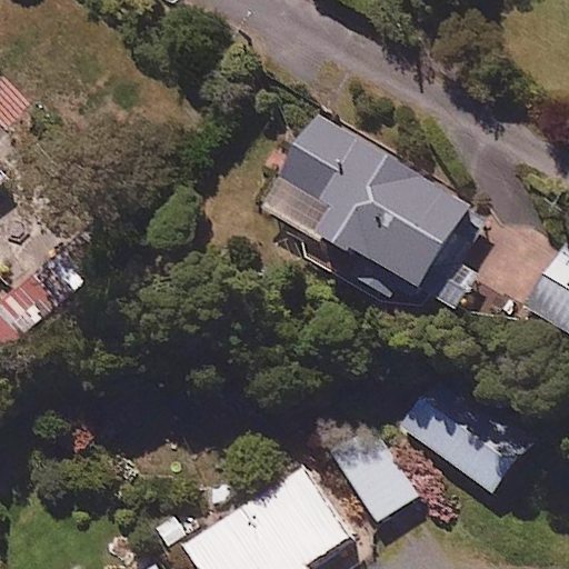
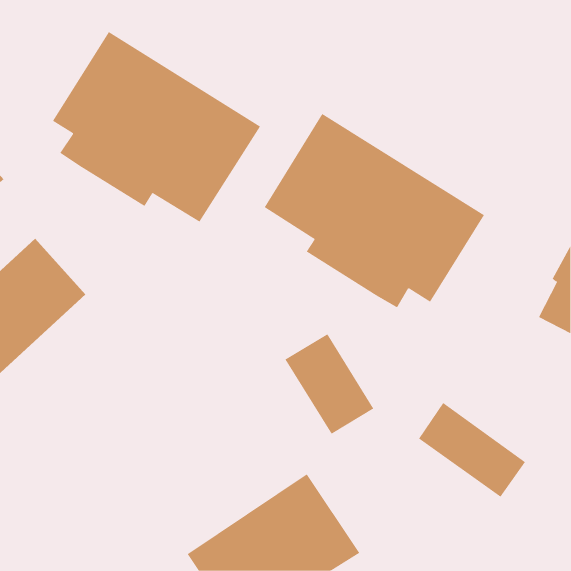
building: none -> [52,31,261,223]
building: [327,420,415,519] -> [285,334,374,434]

